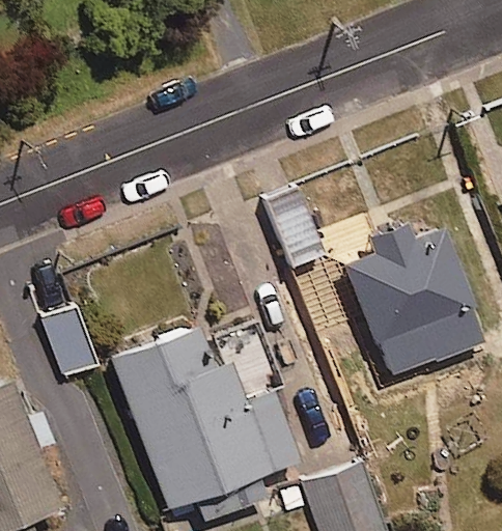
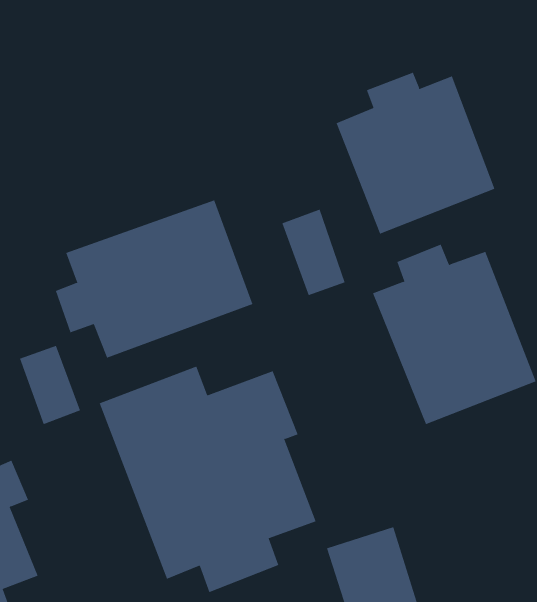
building: none -> [336,72,495,234]
building: none -> [55,200,253,359]

